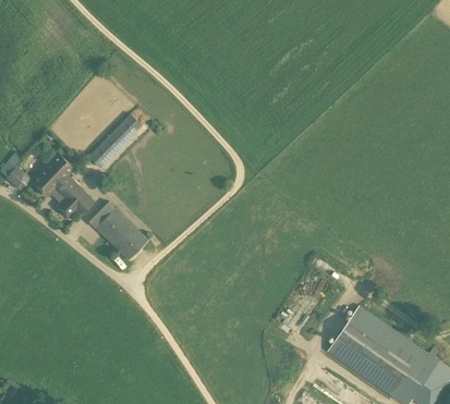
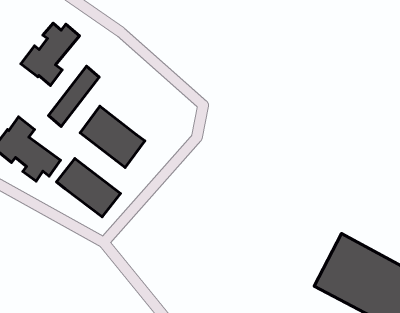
building: none -> [21,23,79,85]
building: none -> [80,106,145,167]

